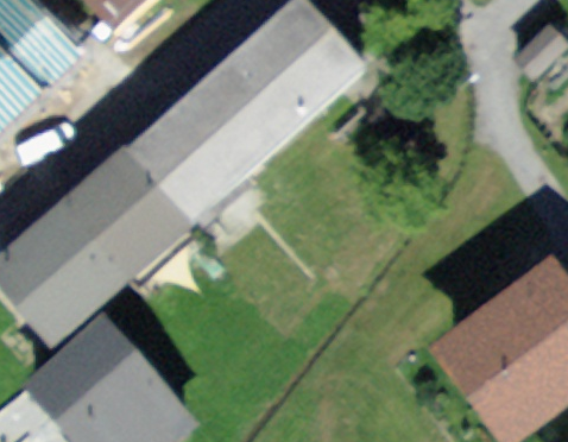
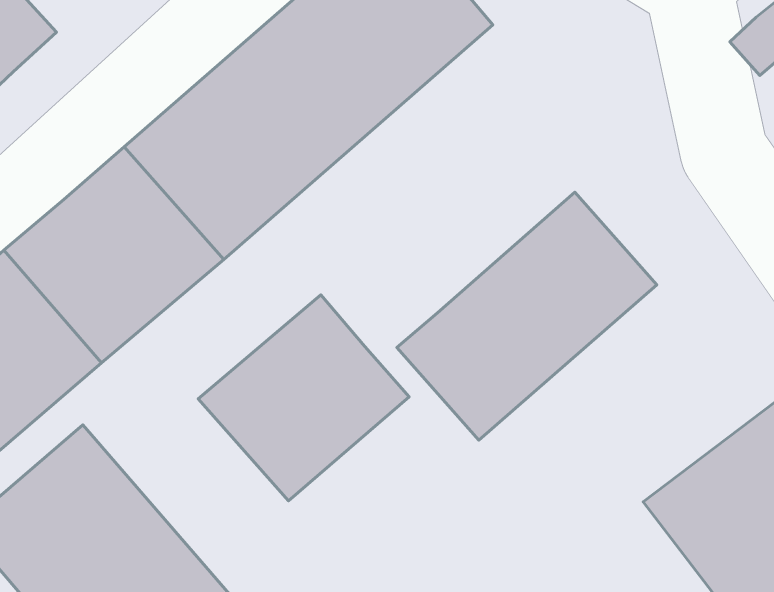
building: none -> [397,192,657,440]
building: none -> [198,295,409,501]

